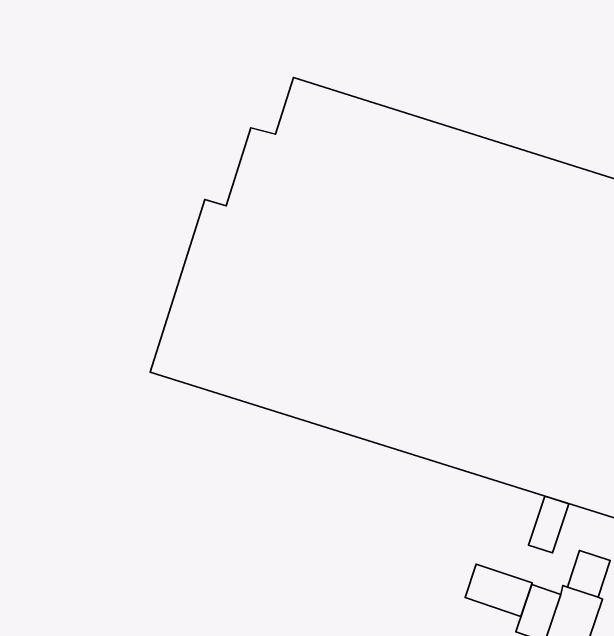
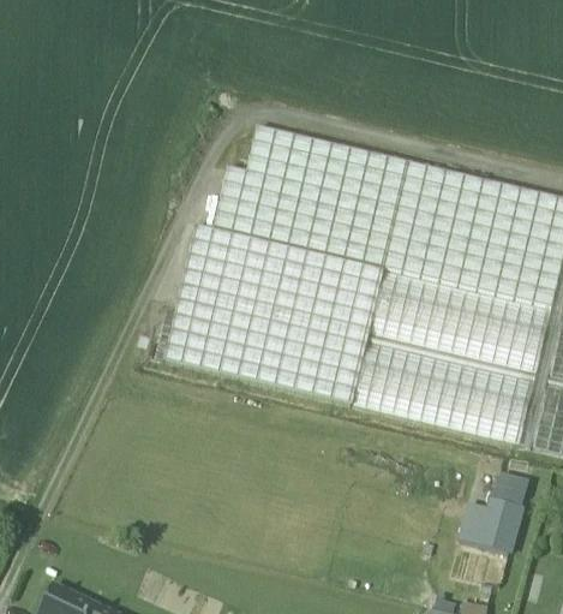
building: [529,496,569,553] -> none
building: [465,564,532,617] -> none

